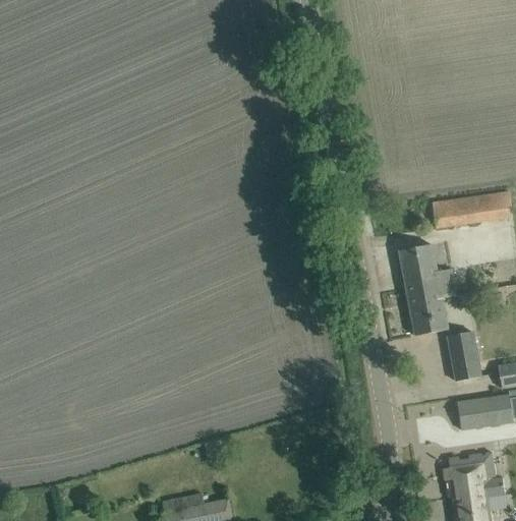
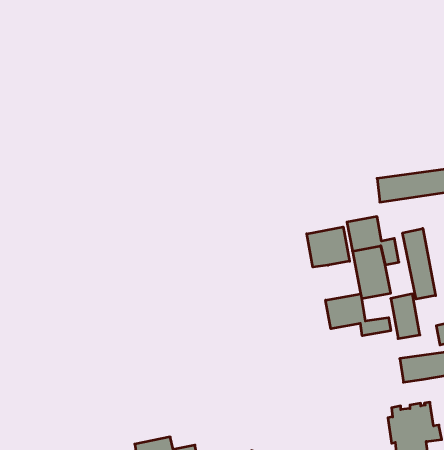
building: none -> [307,227,350,267]
building: none -> [403,228,436,299]
building: none -> [326,294,391,336]

